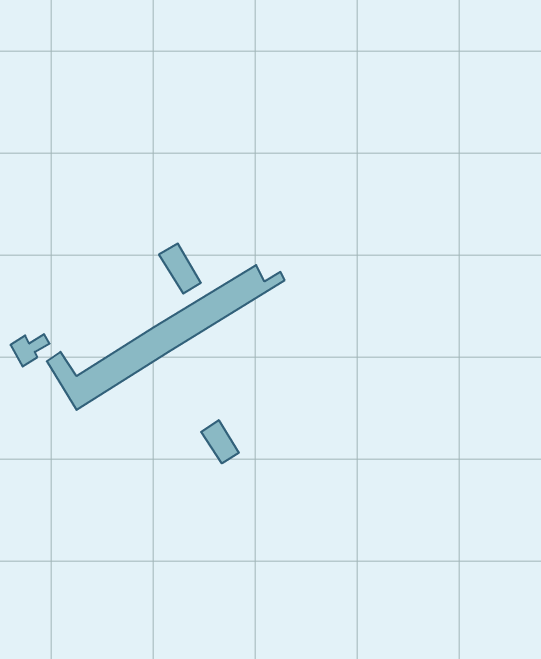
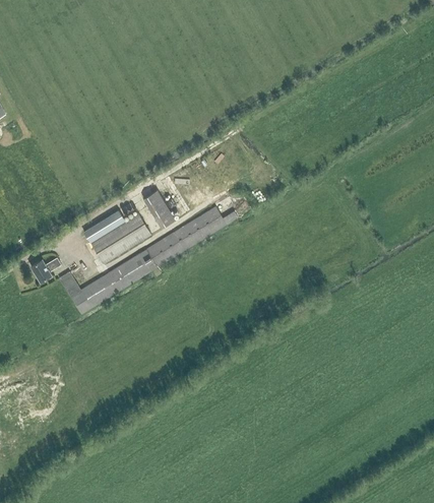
building: none -> [84,209,151,262]
building: [201,420,239,463] -> none

